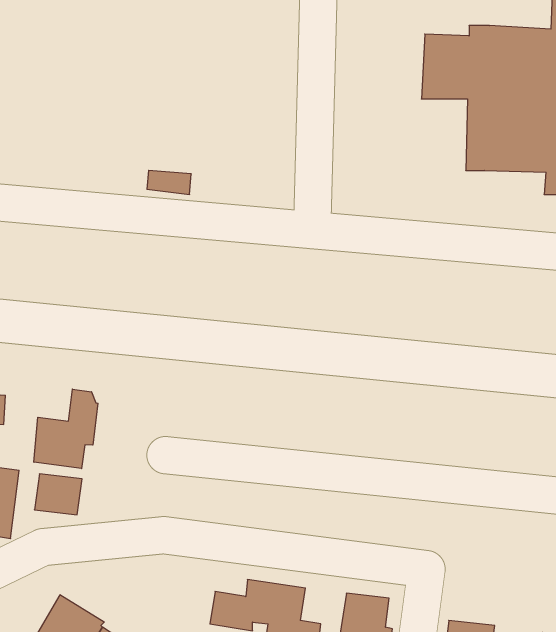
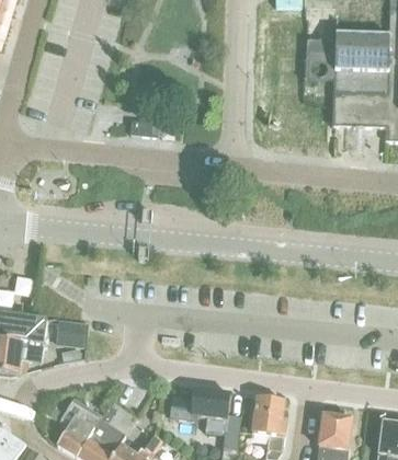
building: [34,389,98,469] -> none

